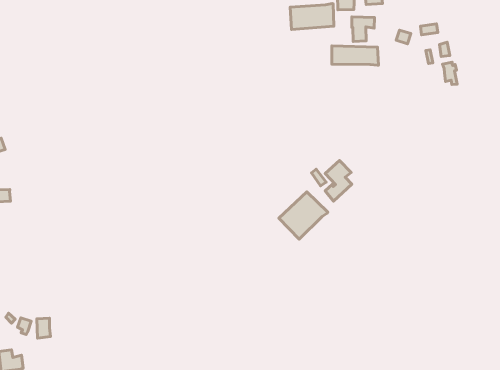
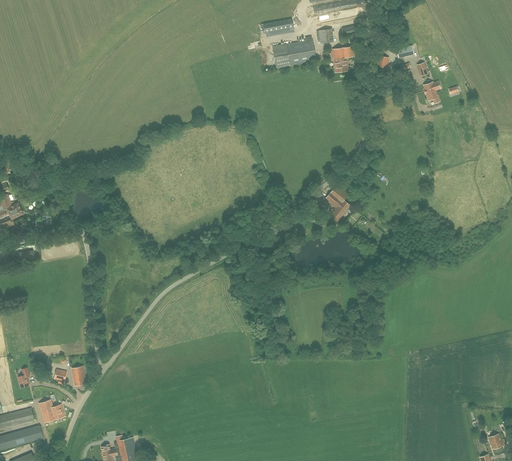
building: [332,46,378,65] -> none
building: [279,192,328,239] -> none

